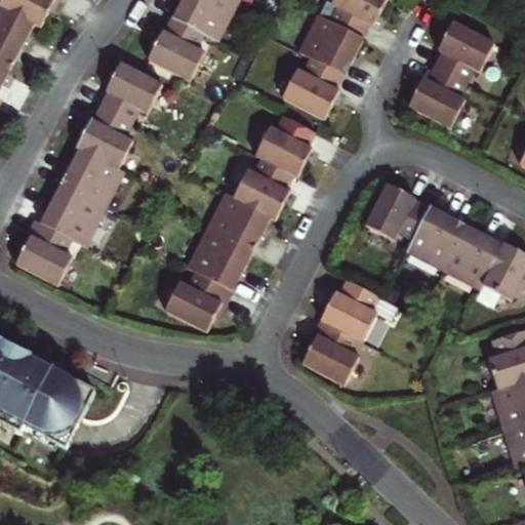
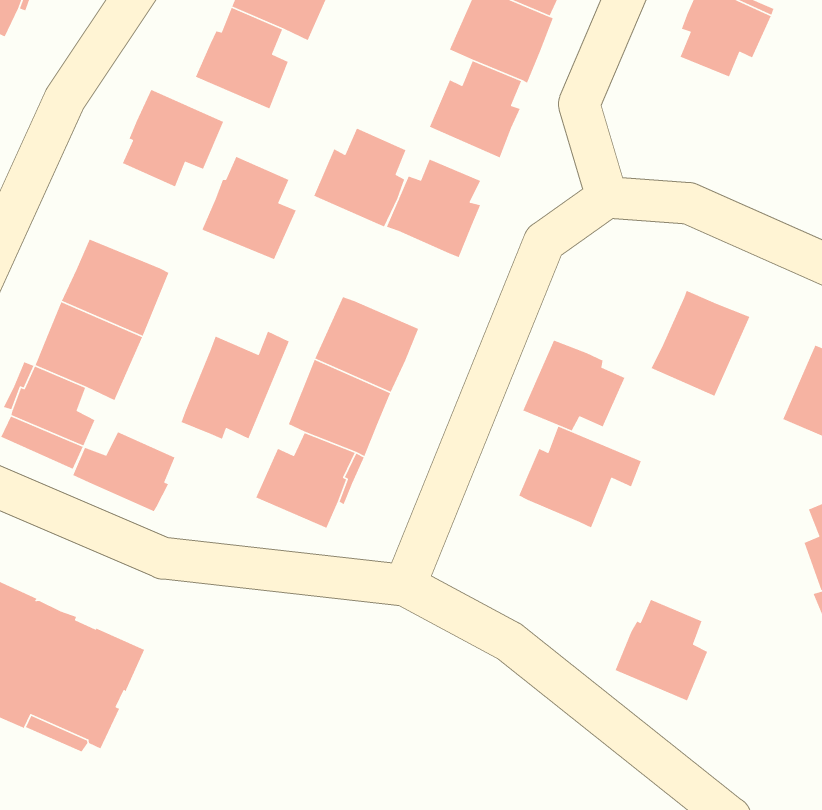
building: [409,66,465,126] -> none
building: [77,105,134,168] -> [201,156,297,260]
building: [233,157,290,217] -> [313,127,407,227]
building: [365,183,428,238] -> [522,340,625,431]
building: none -> [180,331,290,440]
building: [442,223,503,288] -> none
building: none -> [72,431,176,512]
building: [301,322,358,385] -> [614,599,708,702]

